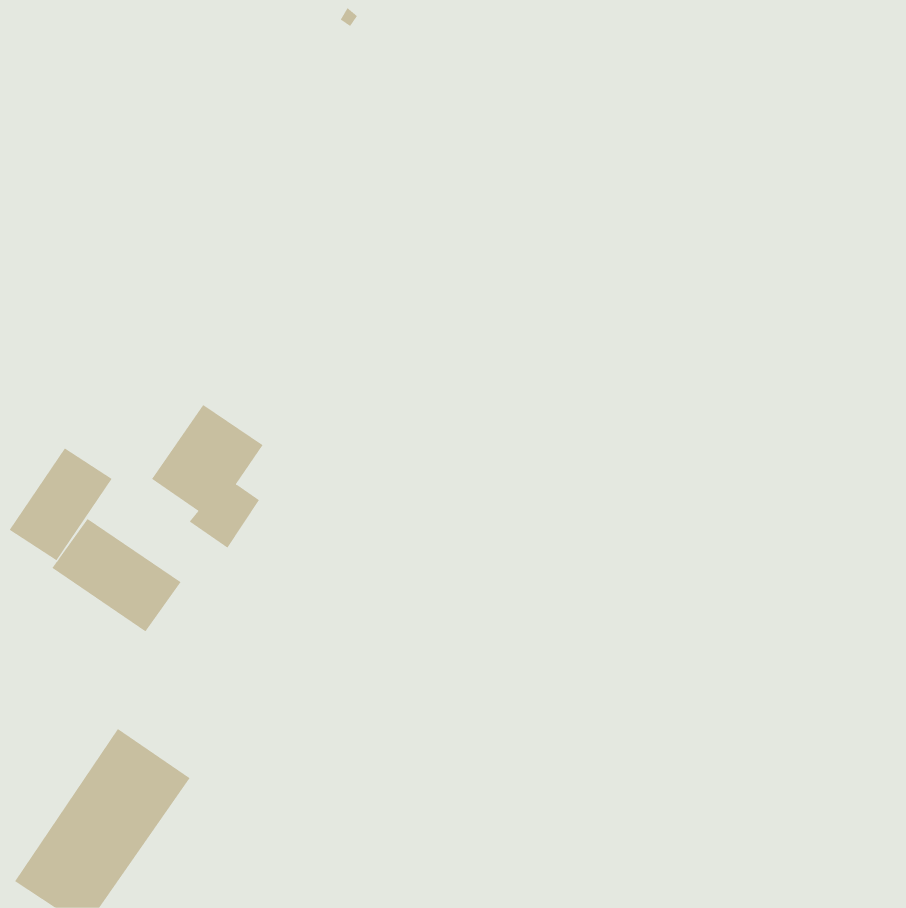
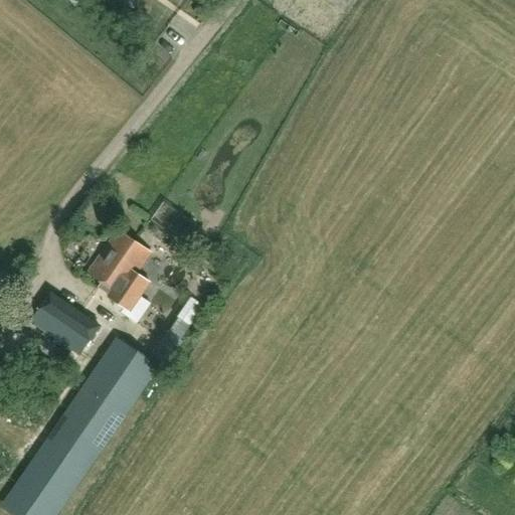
building: [9,448,113,561] -> none
building: none -> [66,337,158,440]

